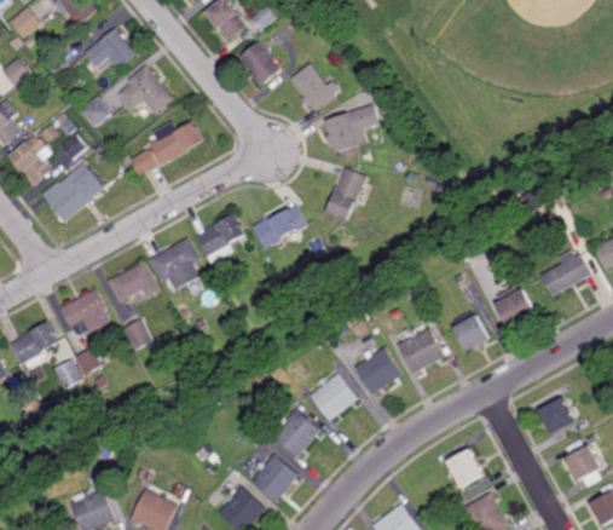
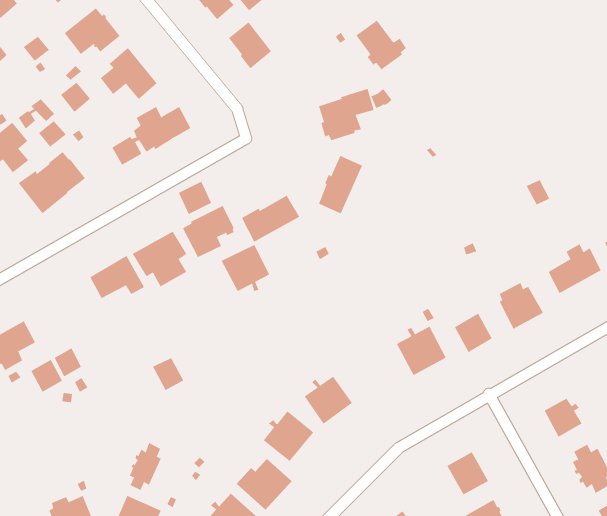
building: [290,64,339,111] -> [355,20,407,70]
building: none -> [178,181,212,215]
building: none -> [221,244,270,292]
building: [60,289,110,336] -> none
building: [123,321,154,352] -> [152,357,184,391]
building: [354,347,403,396] -> none
building: none -> [129,442,161,491]

